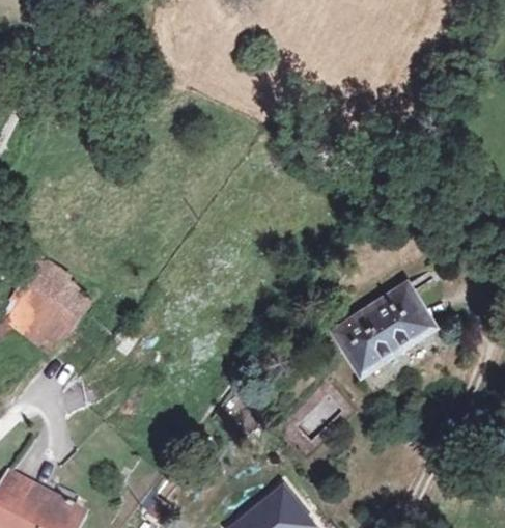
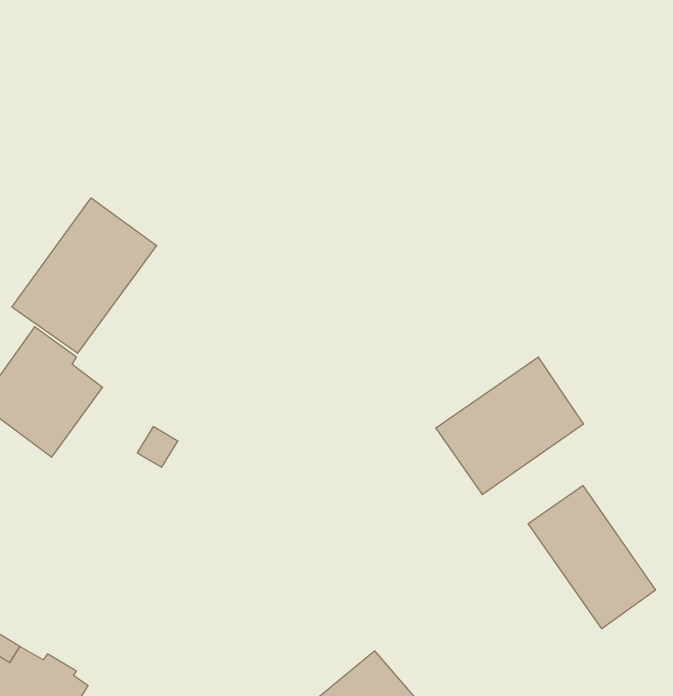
building: none -> [12,198,157,353]
building: none -> [528,486,655,629]

